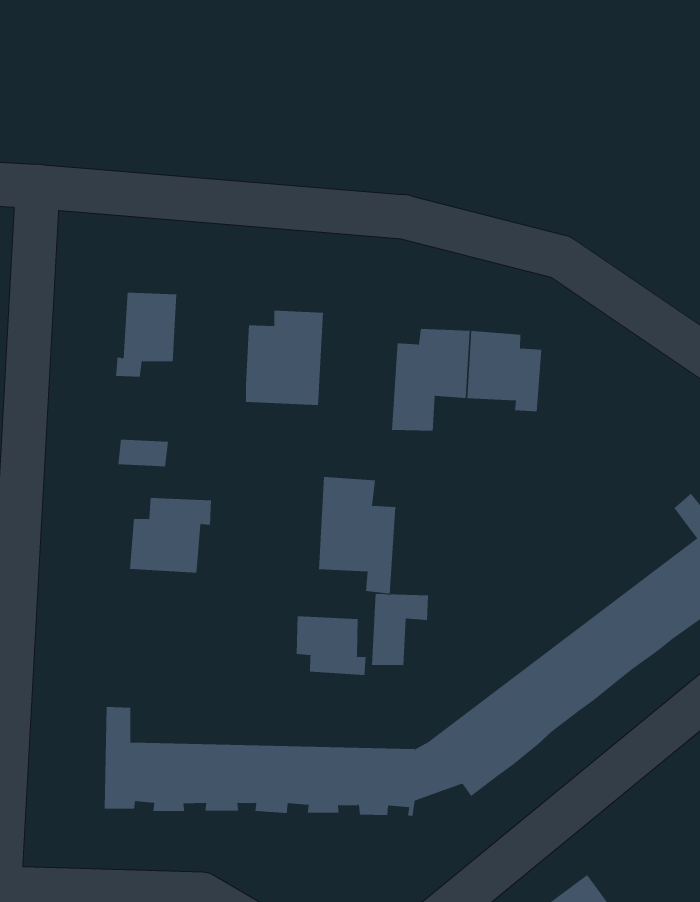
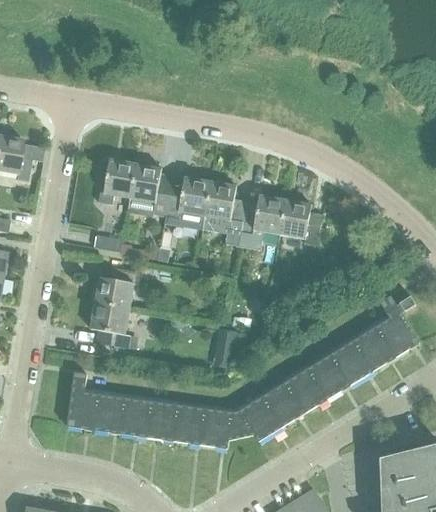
building: none -> [127,163,170,214]
building: [318,476,396,594] -> [202,181,246,246]
building: none -> [90,303,130,348]
building: [296,616,366,676] -> none

